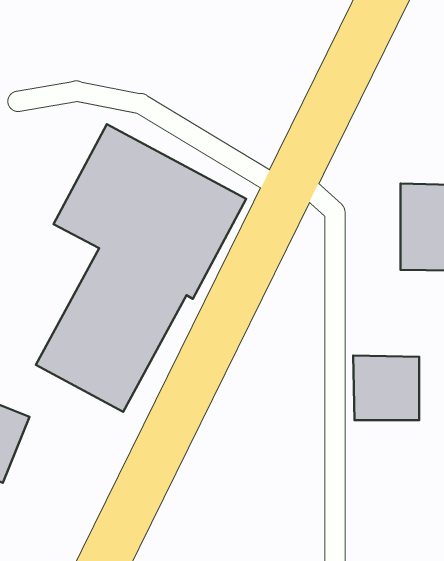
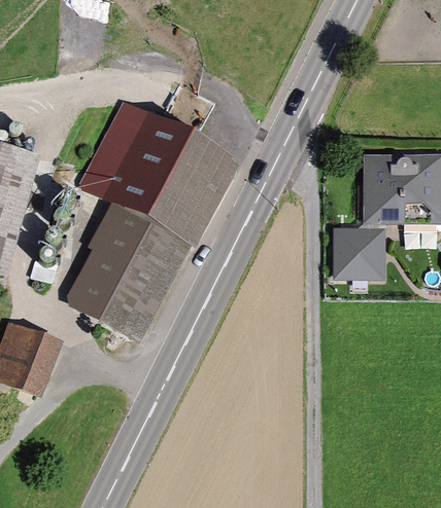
building: [353,356,419,420] -> [333,226,386,279]

